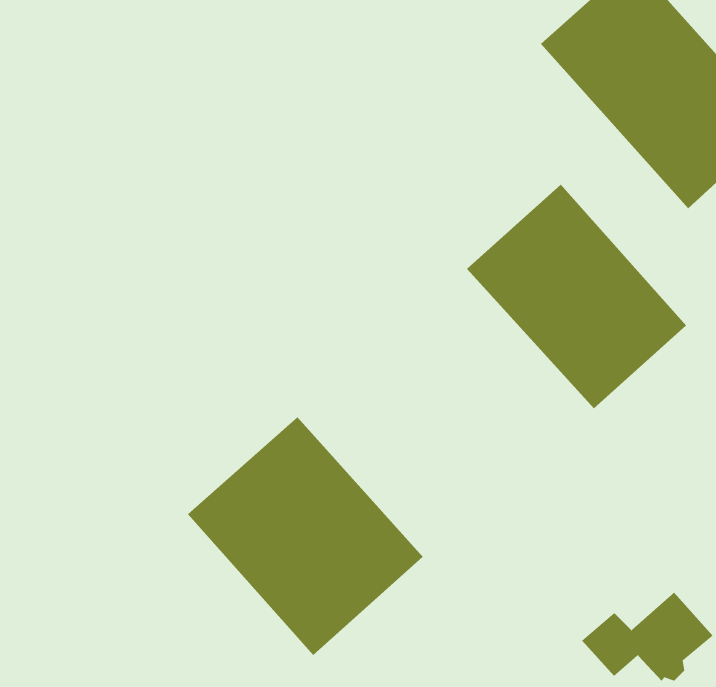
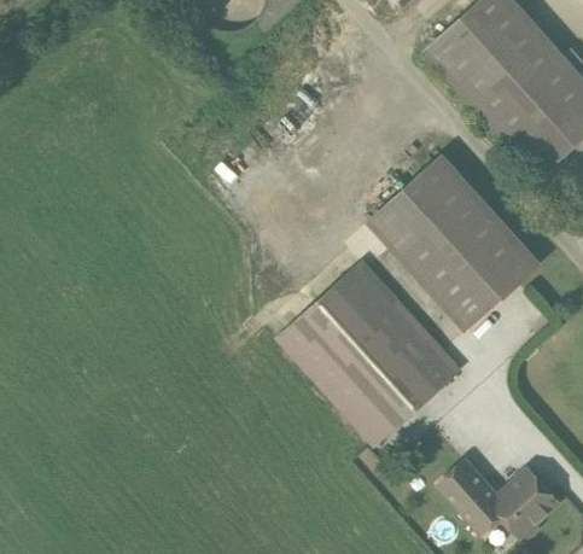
building: [187,417,423,656] -> [279,262,460,445]
building: none -> [438,460,485,506]

